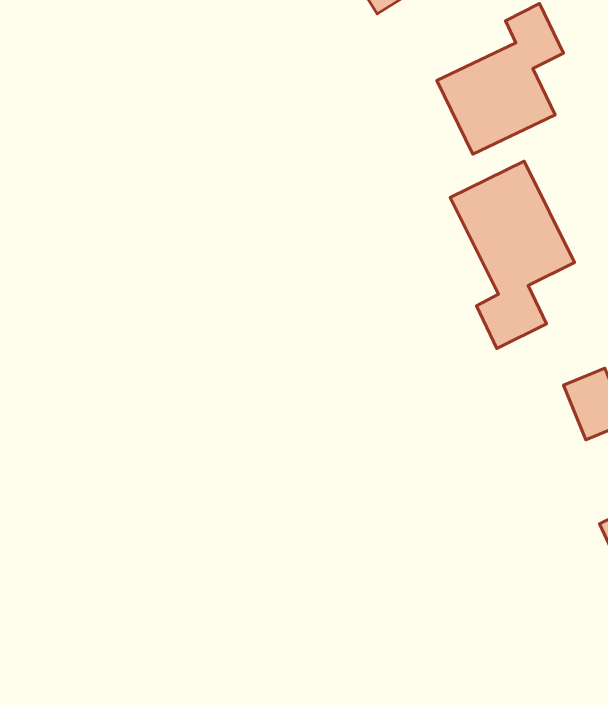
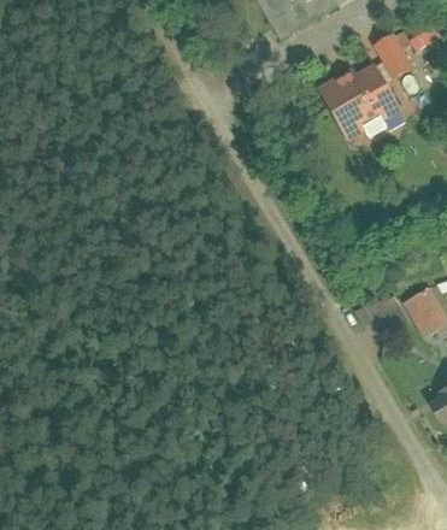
building: [450,161,574,348] -> none

